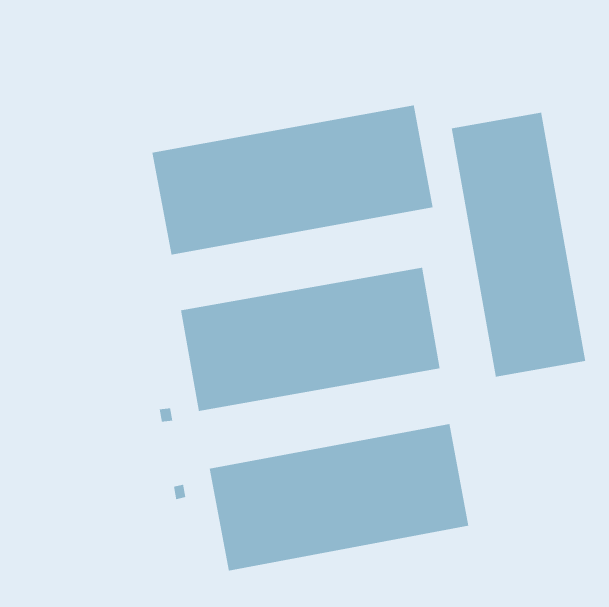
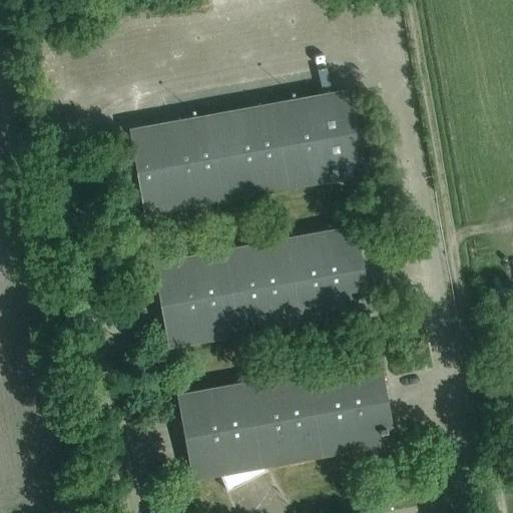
building: [451,112,586,378] -> none

